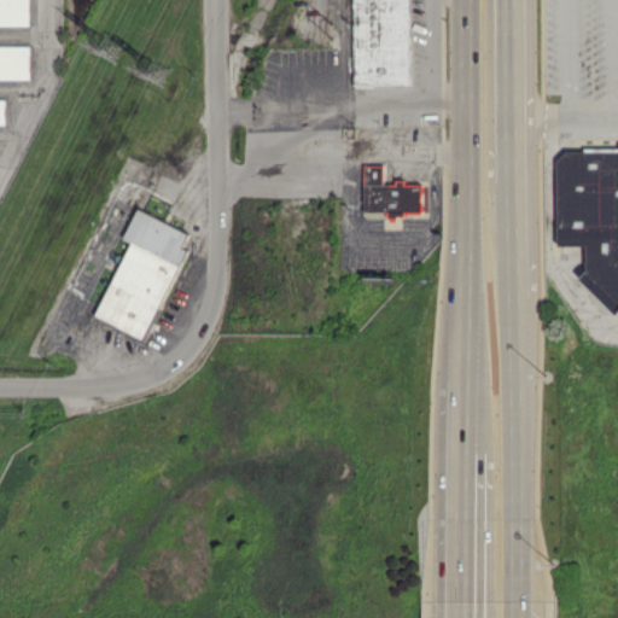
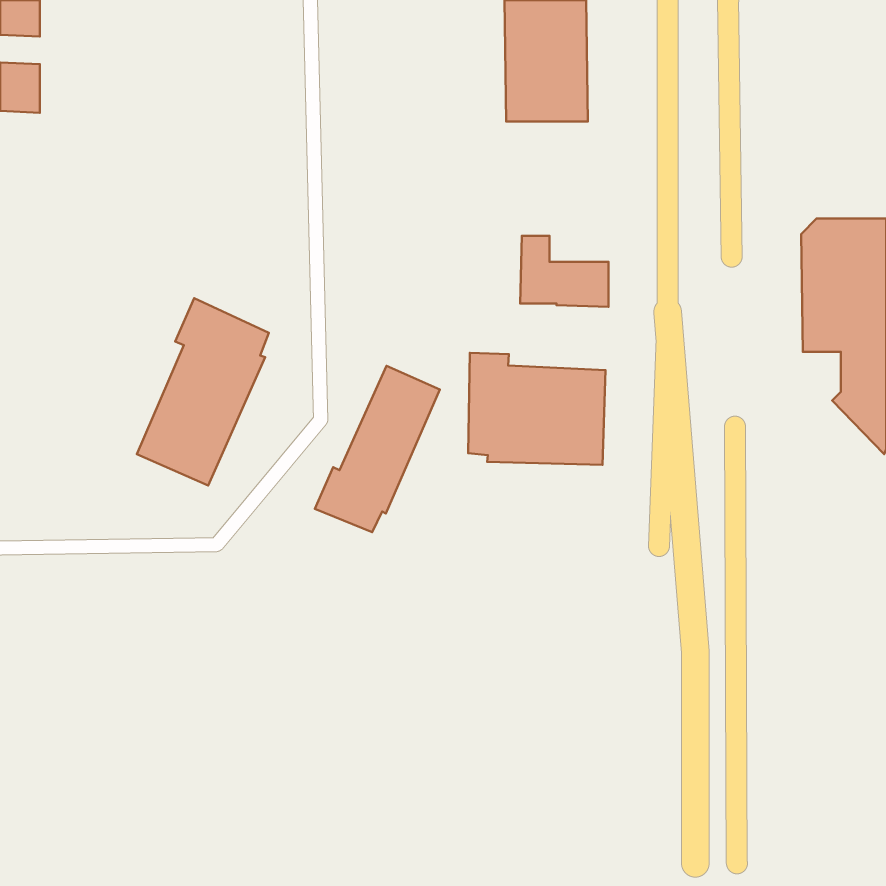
building: none -> [468,353,606,465]
building: none -> [315,366,440,532]

